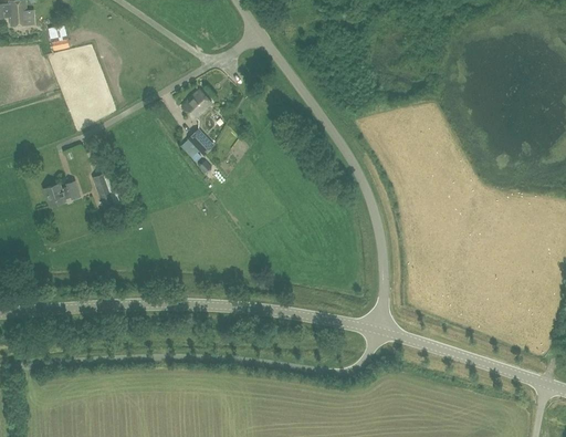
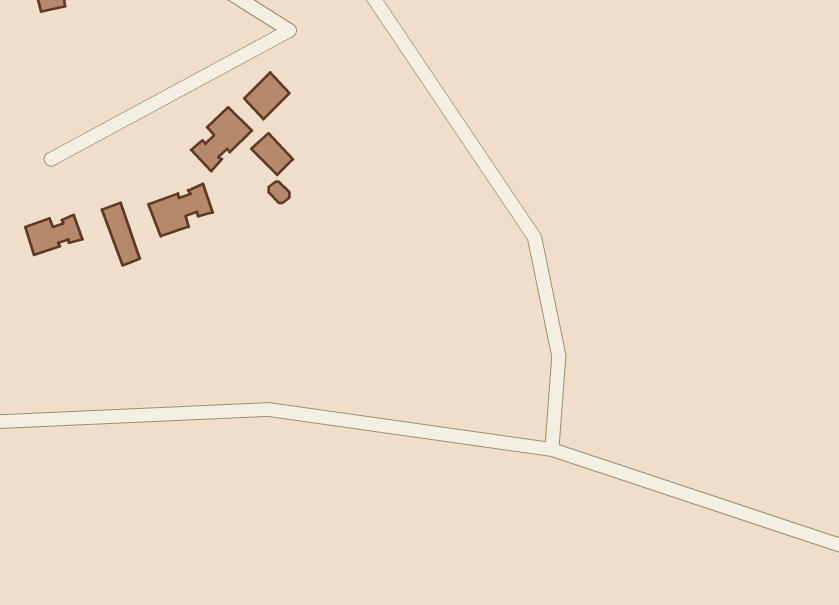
building: none -> [191,107,252,171]
building: none -> [149,184,213,236]

